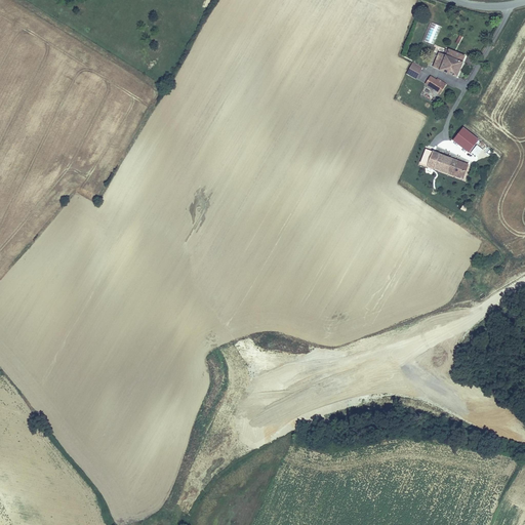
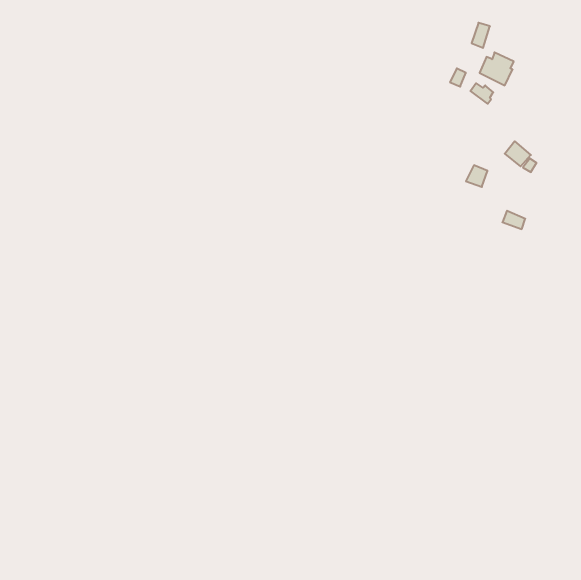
building: [435,154,469,178] -> none

